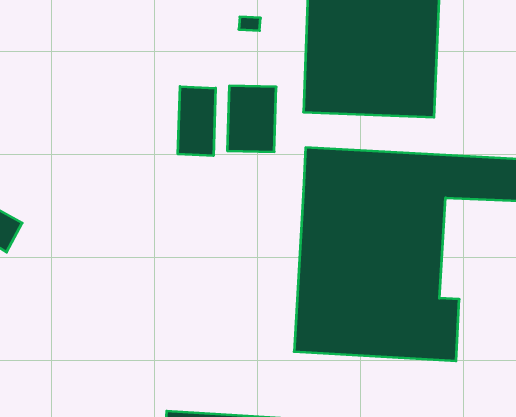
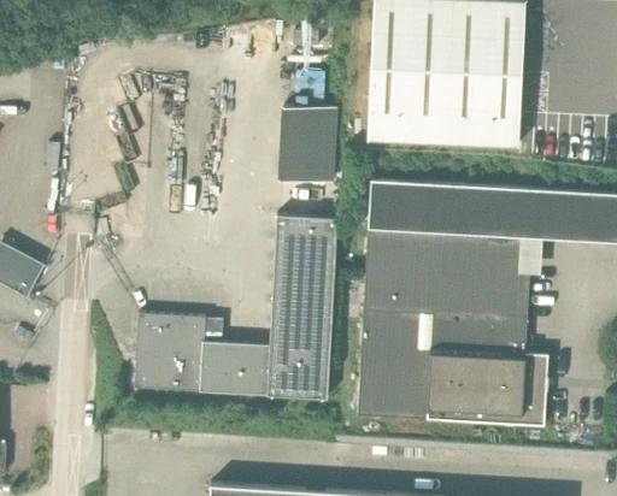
building: [178,86,216,156] -> none
building: none -> [134,215,337,398]

